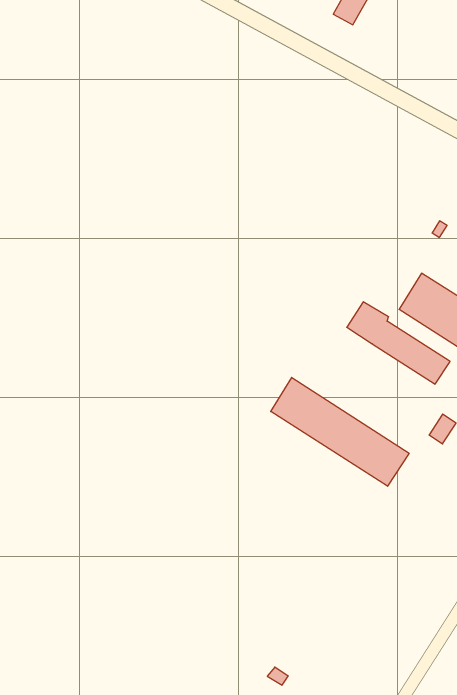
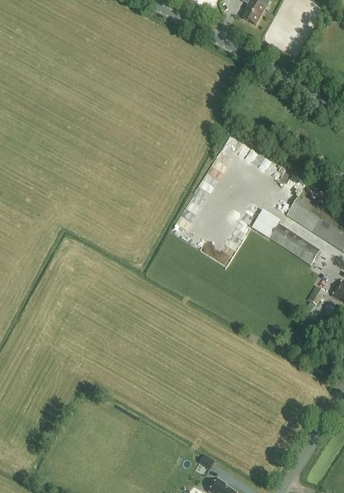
building: [271,377,409,486] -> none

